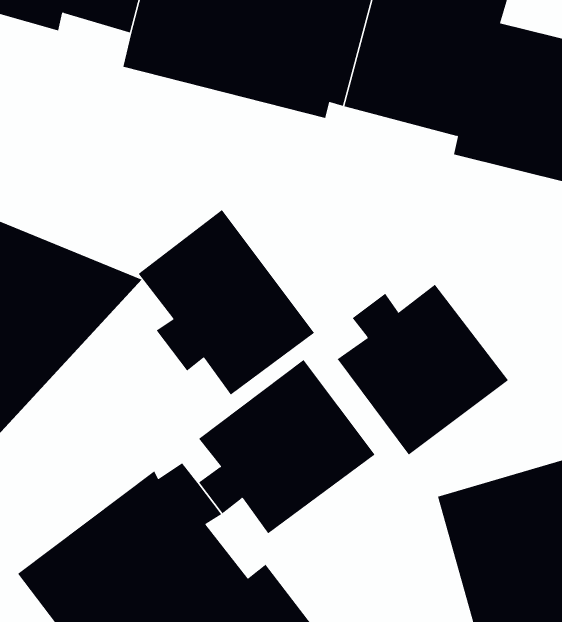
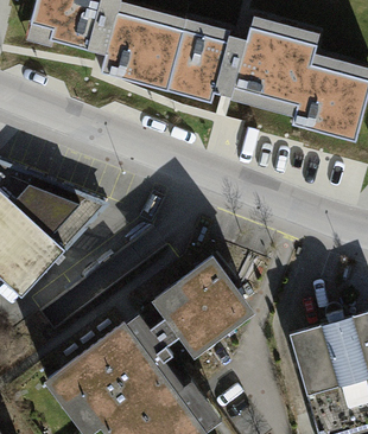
building: [138,209,315,395] -> none
building: [337,284,509,455] -> none

